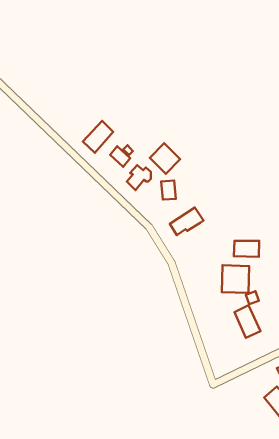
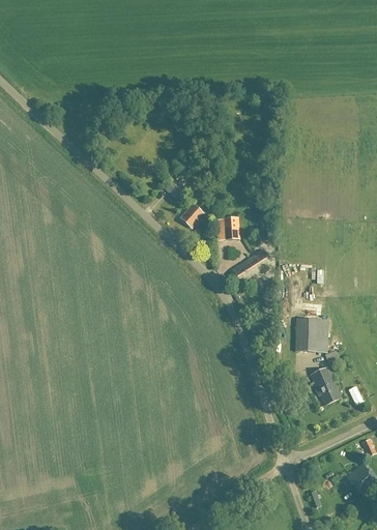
building: [83,121,113,153] -> none
building: [150,143,180,174] -> none
building: [234,241,259,257] -> none

